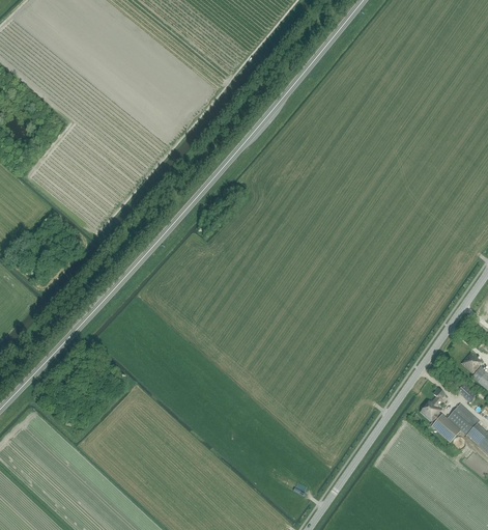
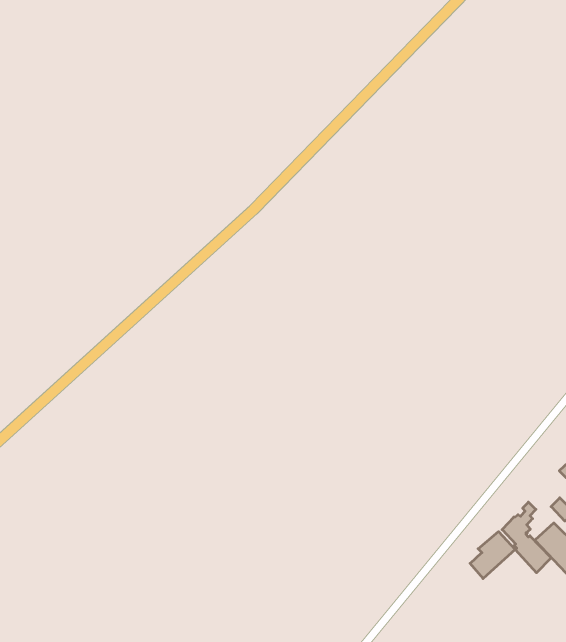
building: none -> [470,532,515,579]

